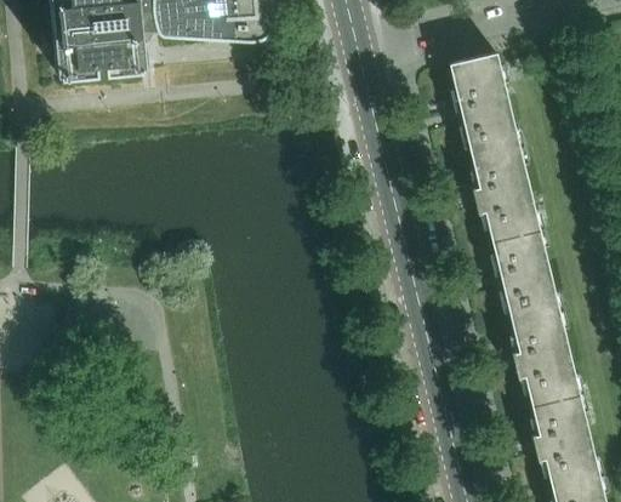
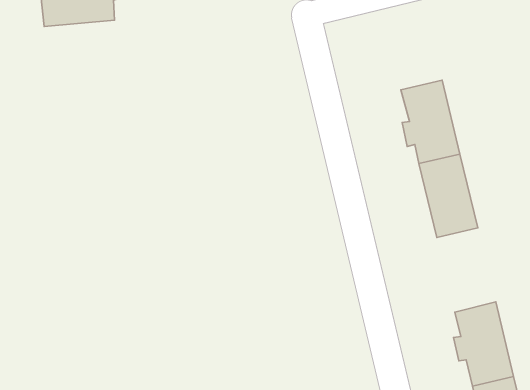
building: [450,51,517,148] -> none
building: [509,307,579,404] -> none

